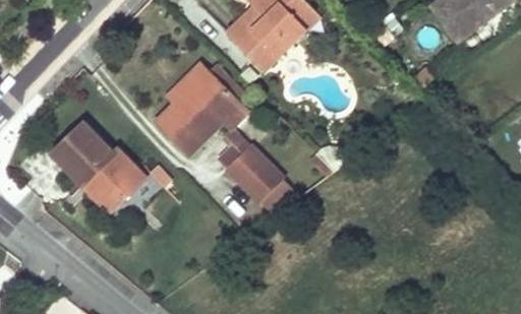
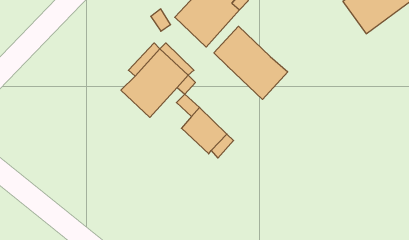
building: none -> [214,26,288,99]
building: [54,127,147,207] -> none

